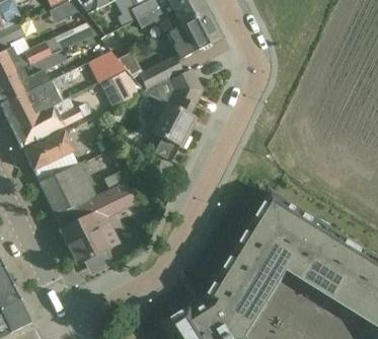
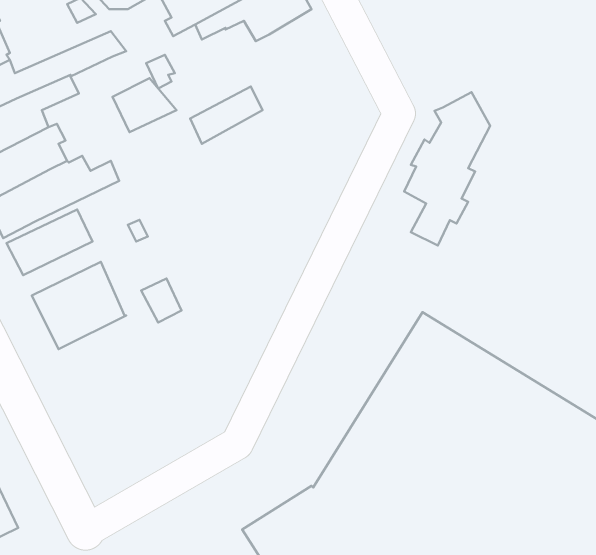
building: [165,9,220,59] -> none
building: [150,68,202,160] -> [404,92,490,246]
building: [107,69,140,103] -> none
building: [54,194,108,263] -> none

